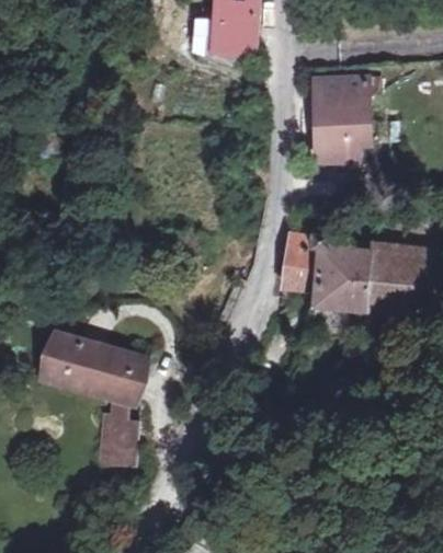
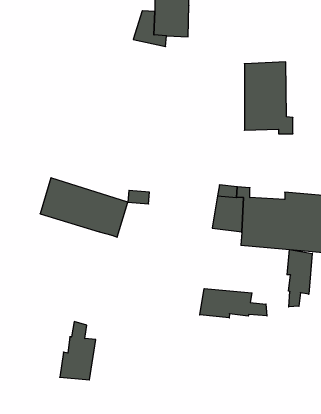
building: none -> [287,250,312,307]
building: [38,331,146,403] -> [40,178,128,237]
building: none -> [200,289,267,318]

